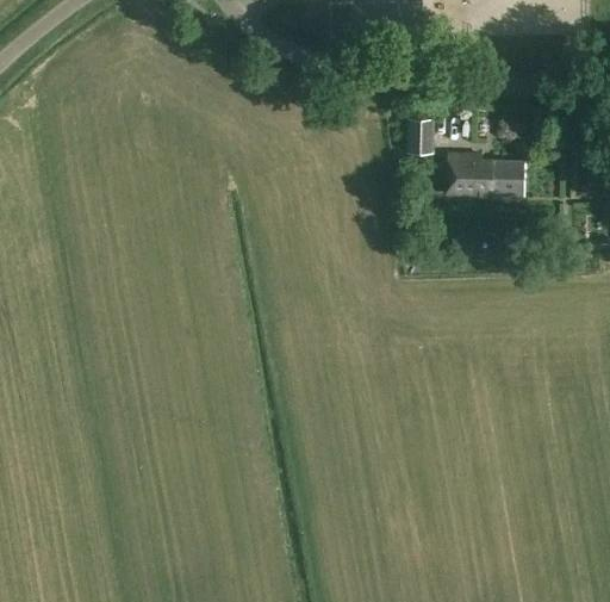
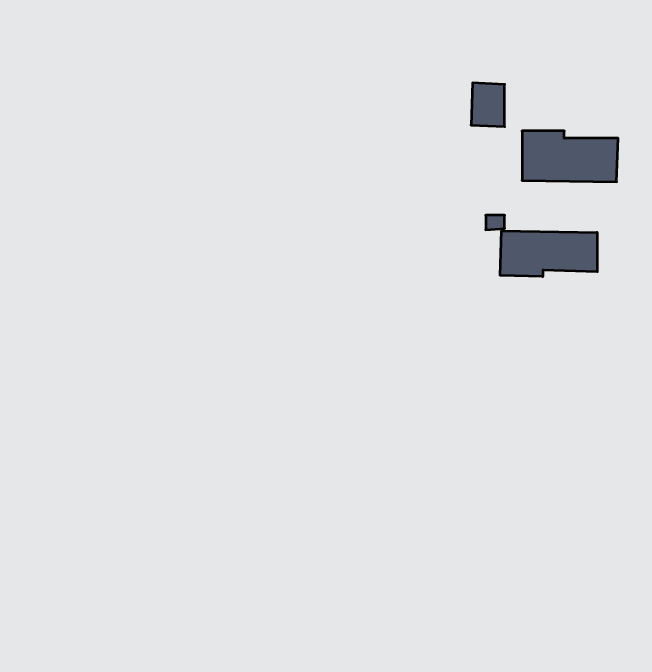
building: none -> [500,231,597,277]

